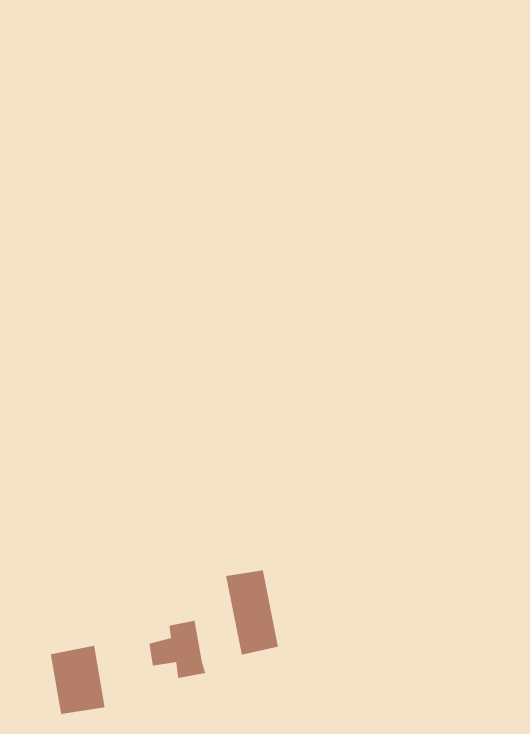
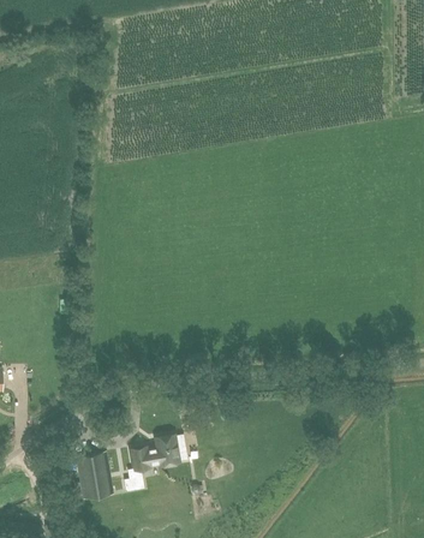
building: [225,569,279,655] -> none

